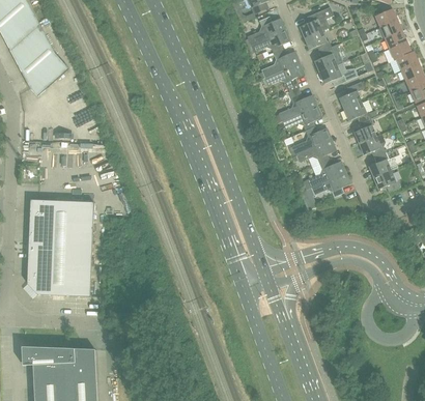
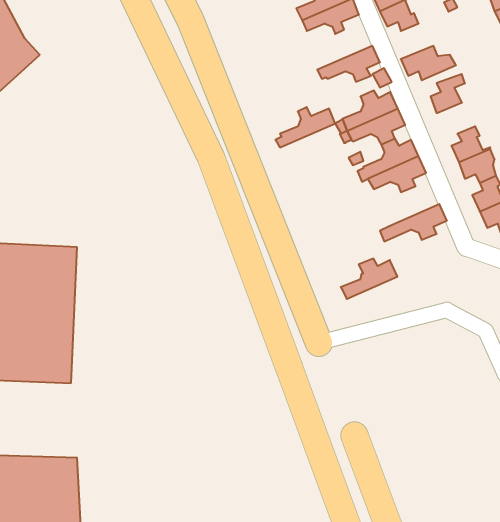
building: [314,44,341,70] -> none
building: [257,50,299,78] -> [275,107,335,147]
building: [343,98,371,122] -> none
building: [306,159,345,187] -> [341,259,397,299]

